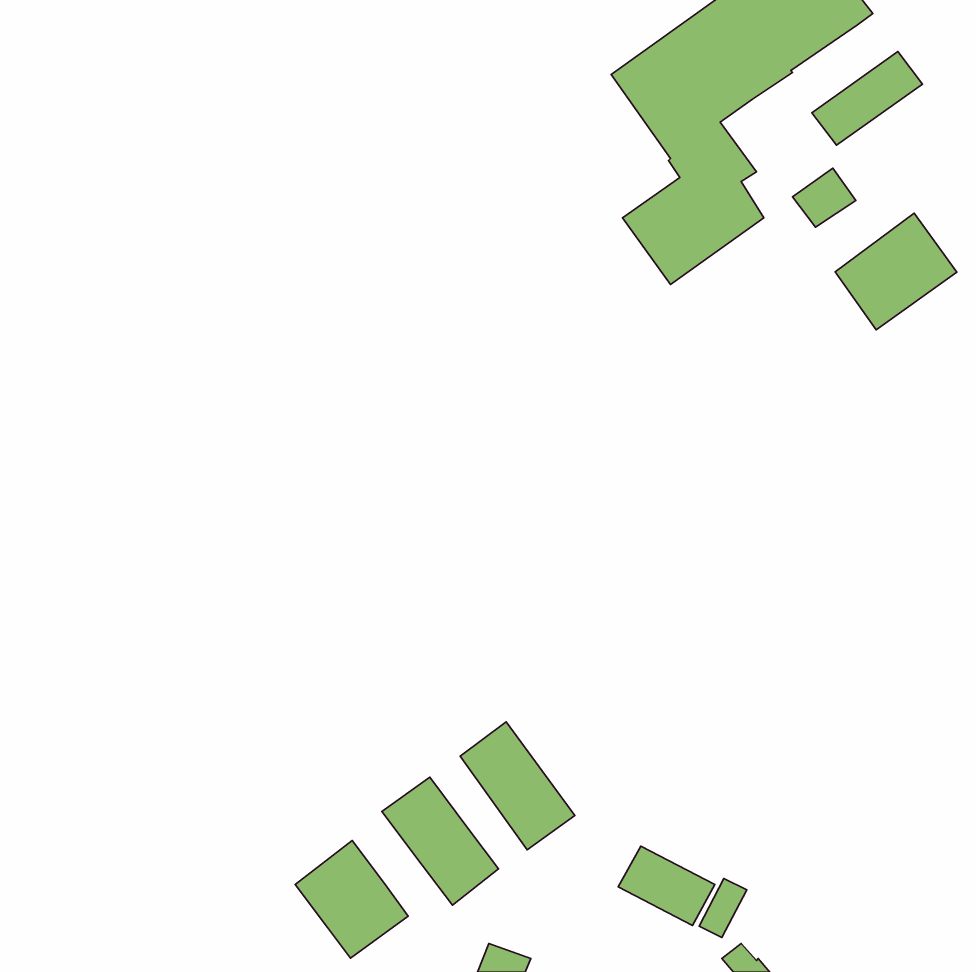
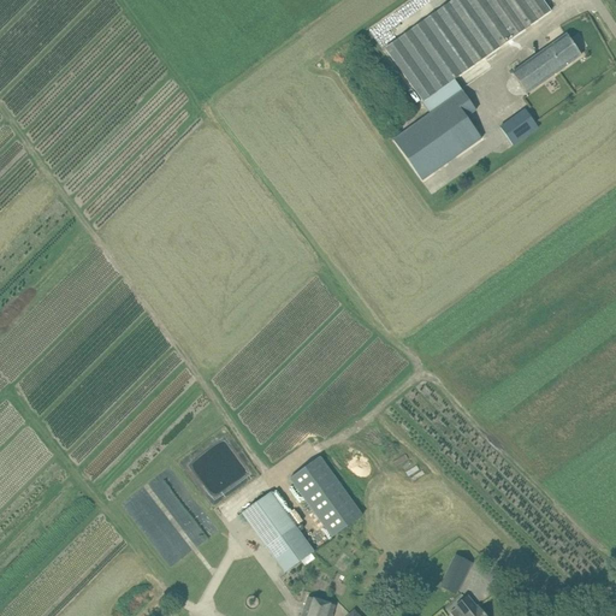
building: [835,213,957,330] -> none
building: [295,841,408,958] -> none
building: [618,846,715,926] -> none

